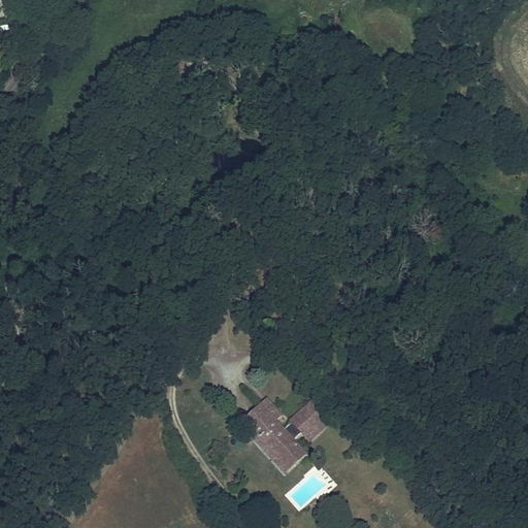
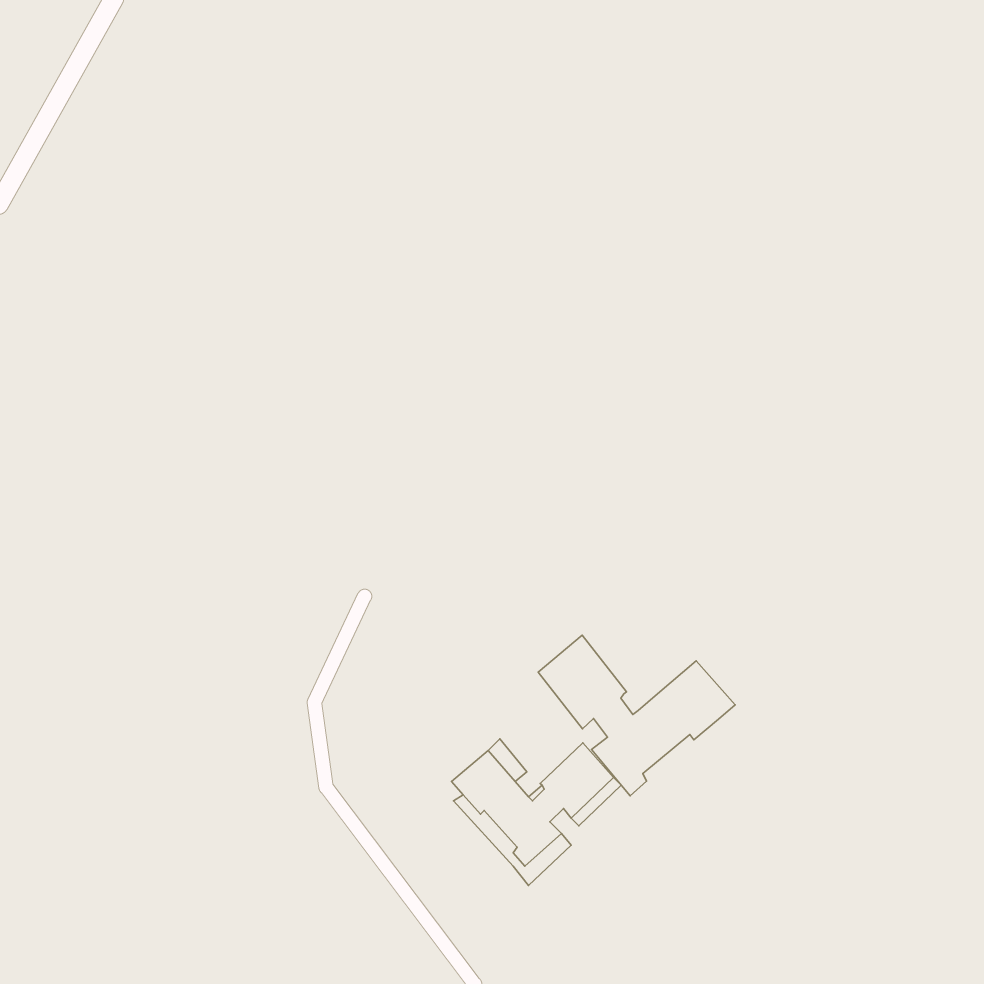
building: none -> [538,635,735,796]

